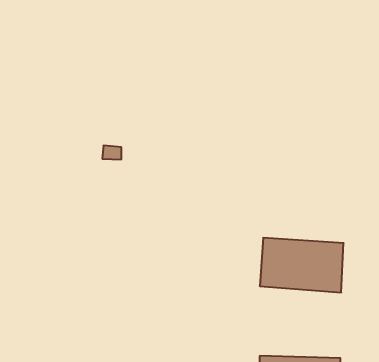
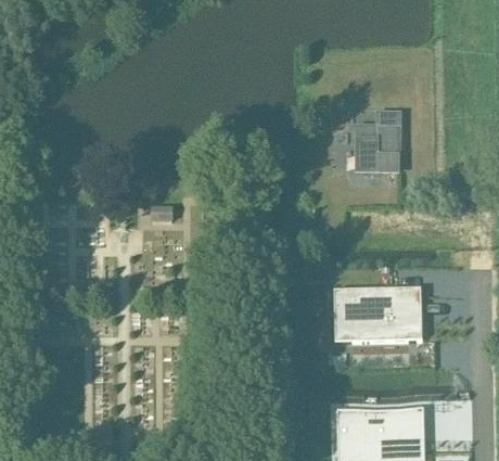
building: none -> [355,111,398,170]

